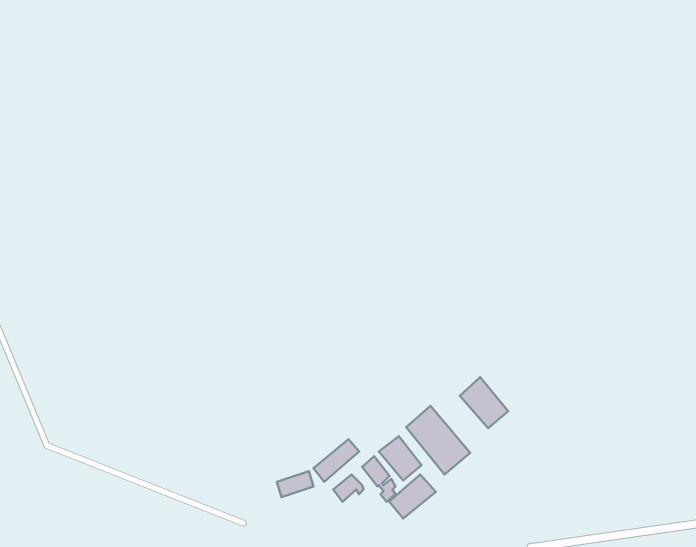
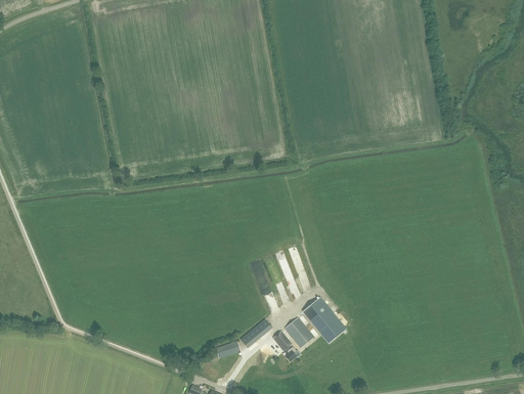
building: [460,377,508,428] -> none
building: [389,474,436,519] -> none

